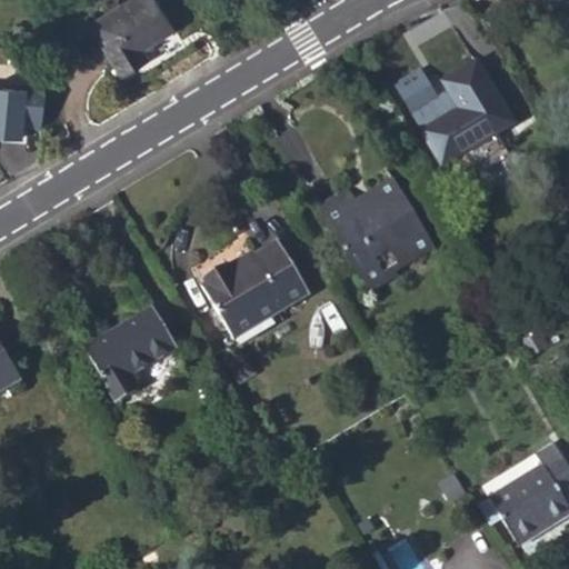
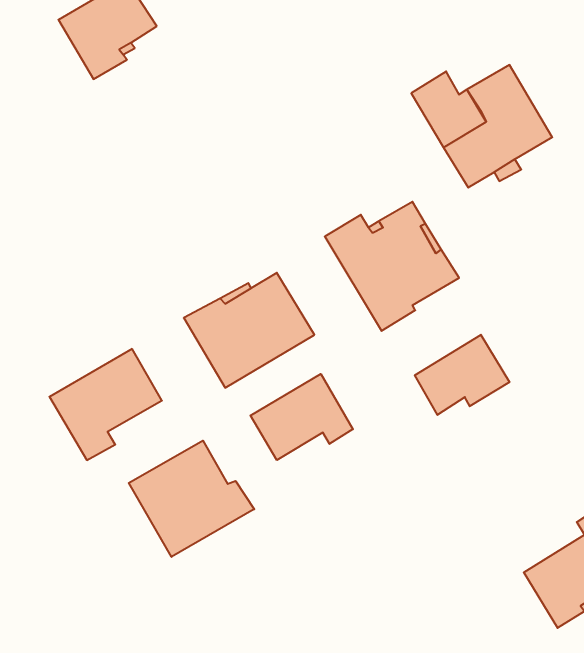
building: none -> [415,335,509,415]
building: none -> [250,374,353,460]
building: none -> [129,441,254,557]

